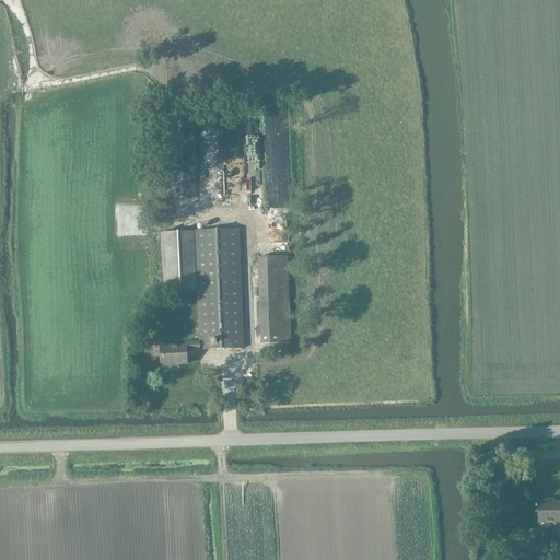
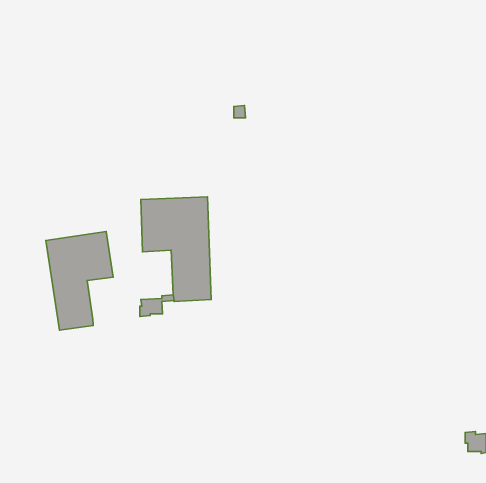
building: [258,254,289,342] -> none
building: none -> [46,232,113,330]

